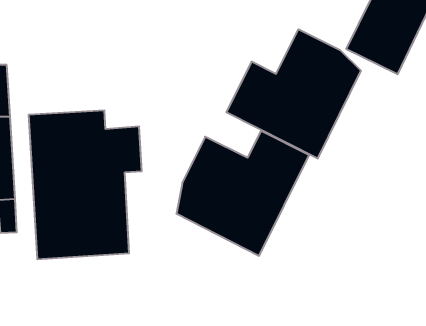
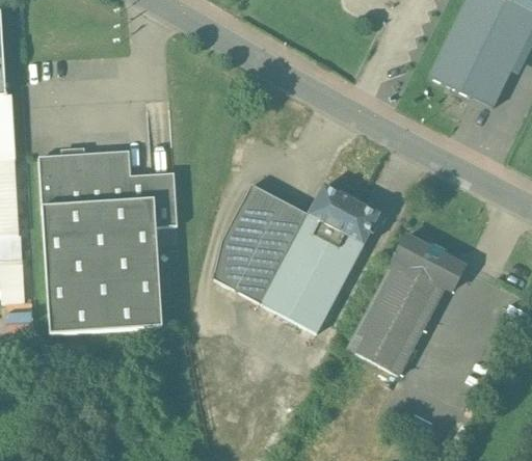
building: [227,29,361,159] -> none
building: none -> [348,232,471,376]

